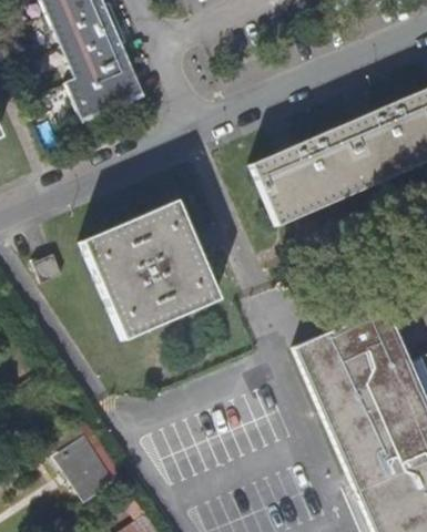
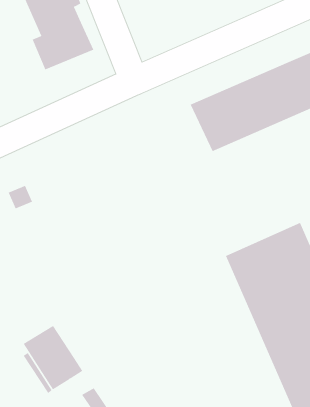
building: [83,200,220,337] -> none

